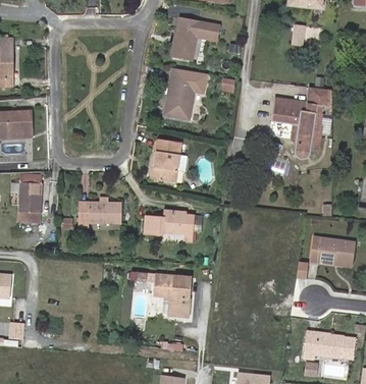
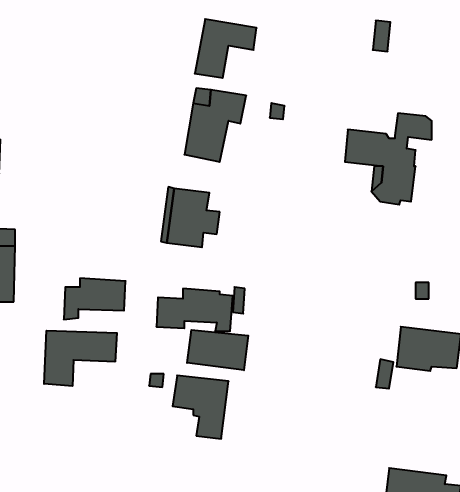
building: none -> [187,330,248,370]
building: none -> [44,331,117,386]

